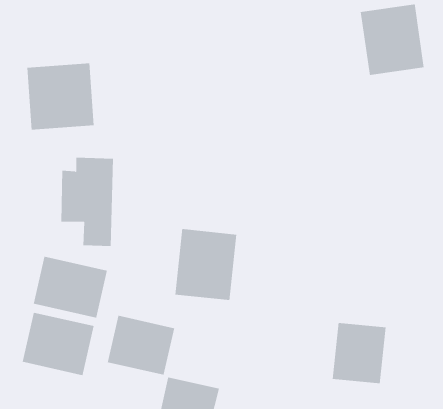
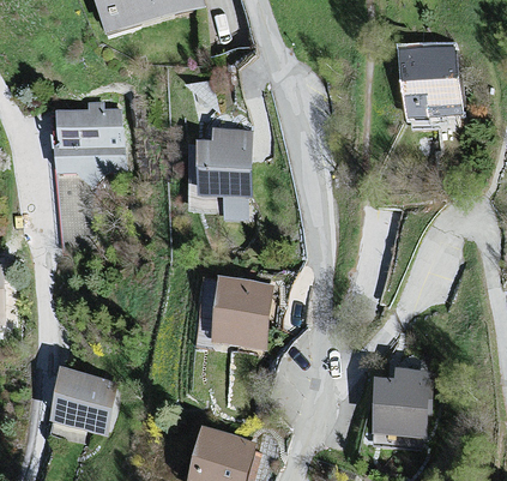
building: [60,157,114,247] -> [198,125,253,217]
building: [33,256,107,319] -> none
building: [107,315,175,376] -> none

